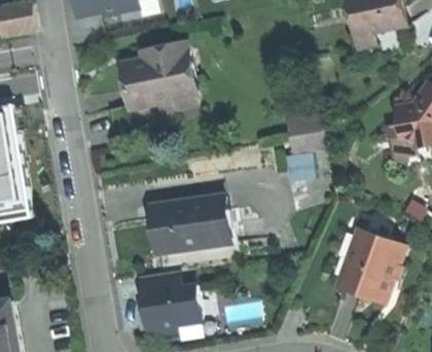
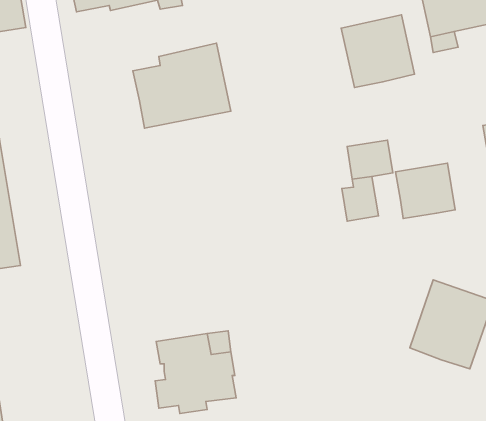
building: none -> [341,15,414,88]
building: none -> [395,163,455,219]
building: [149,196,235,252] -> none

